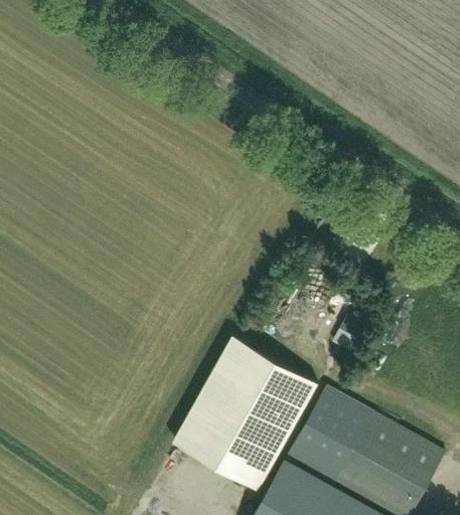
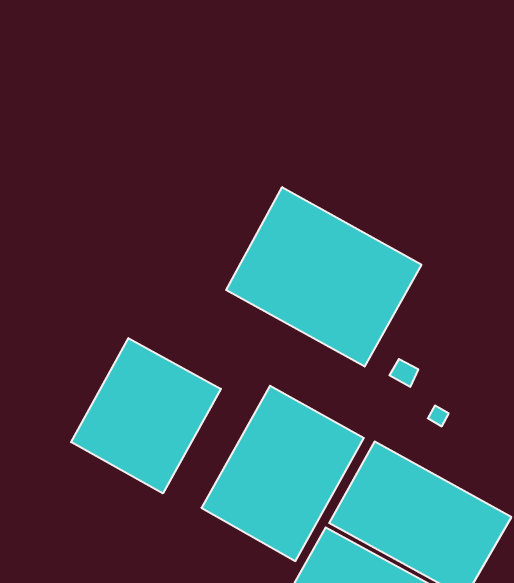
building: none -> [226,187,421,367]
building: none -> [71,338,221,493]

